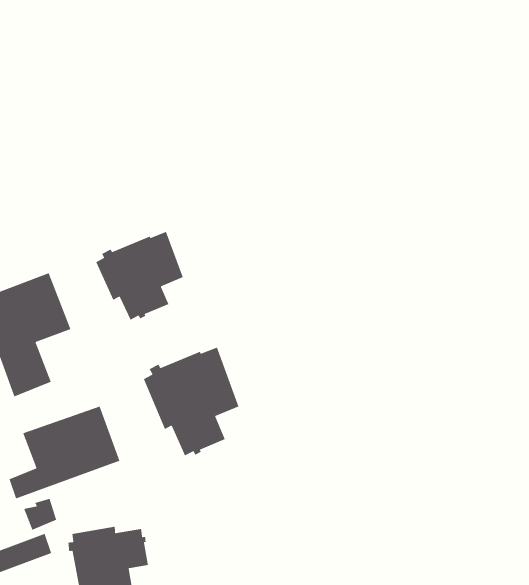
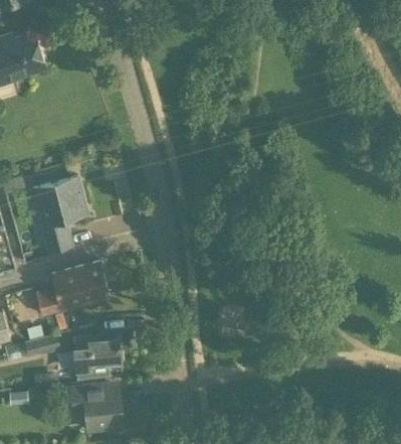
building: [95,231,184,321] -> none
building: [143,346,239,457] -> none

